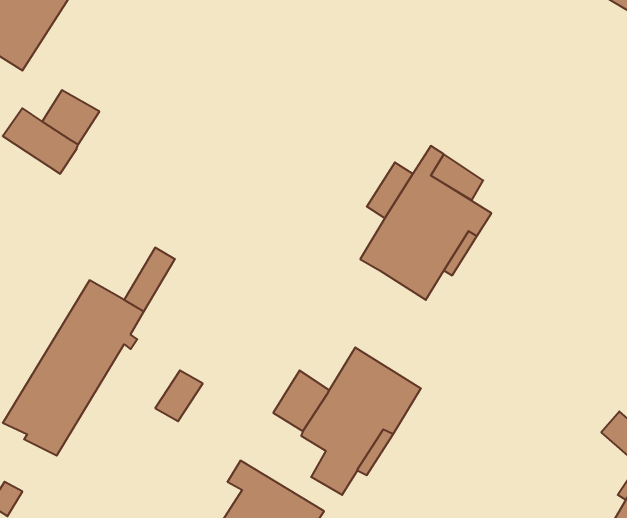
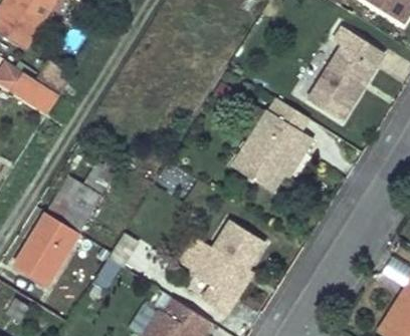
building: none -> [309,26,385,119]

